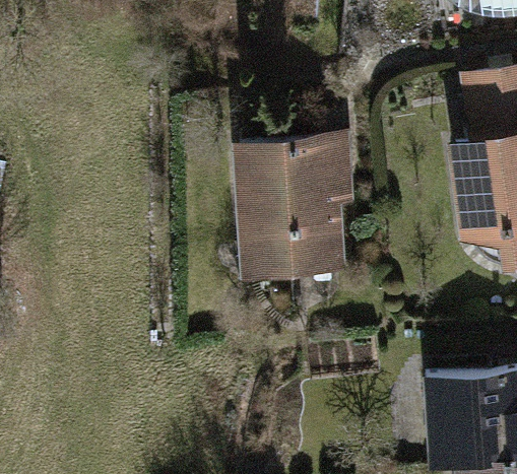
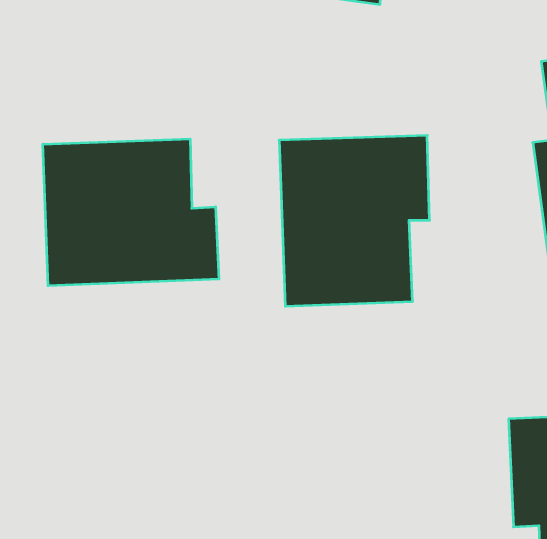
building: none -> [43,139,219,286]

